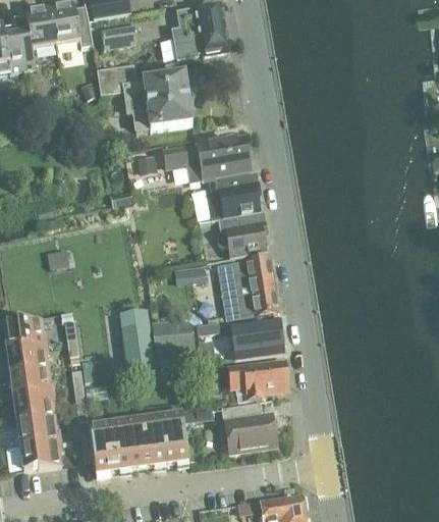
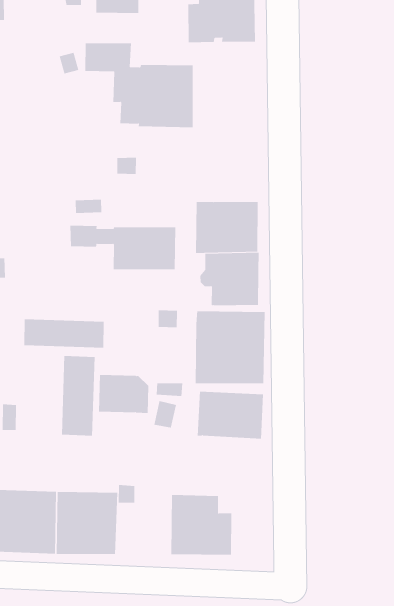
building: [163,136,250,176] -> [70,225,176,270]
building: none -> [24,318,104,348]
building: [228,361,289,401] -> none

